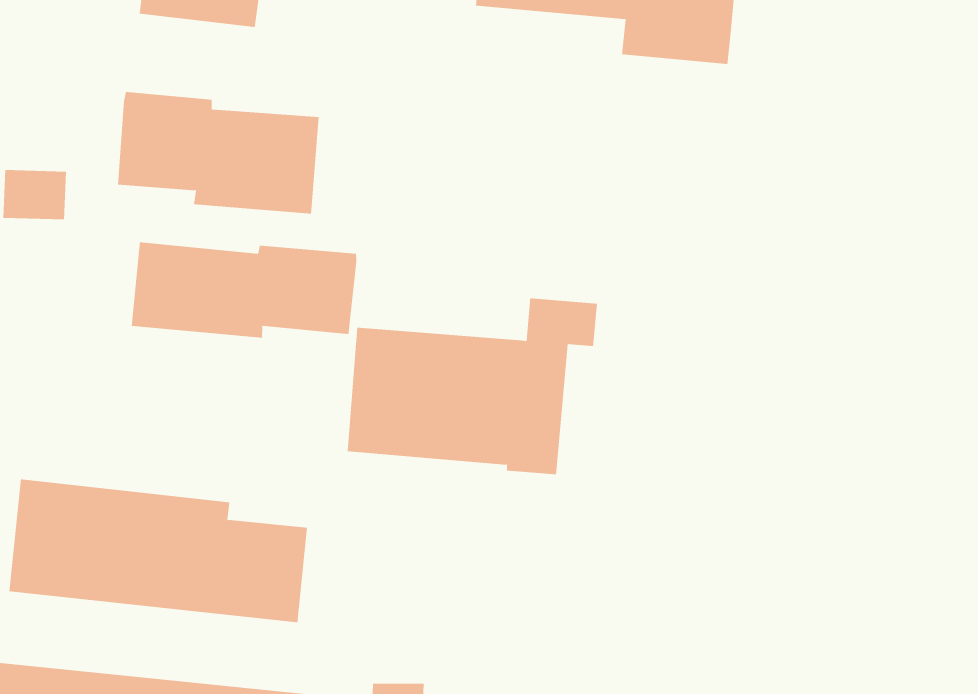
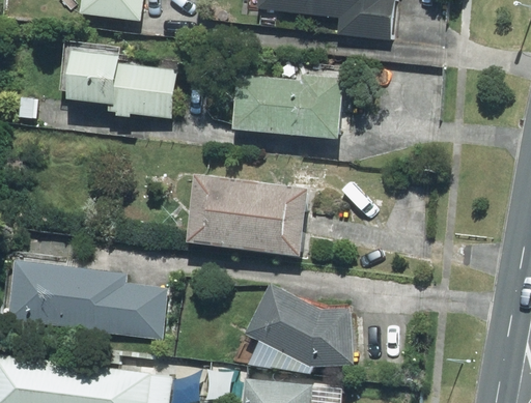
building: none -> [231,74,341,139]
building: [131,241,357,338] -> none
building: none -> [243,282,352,369]

